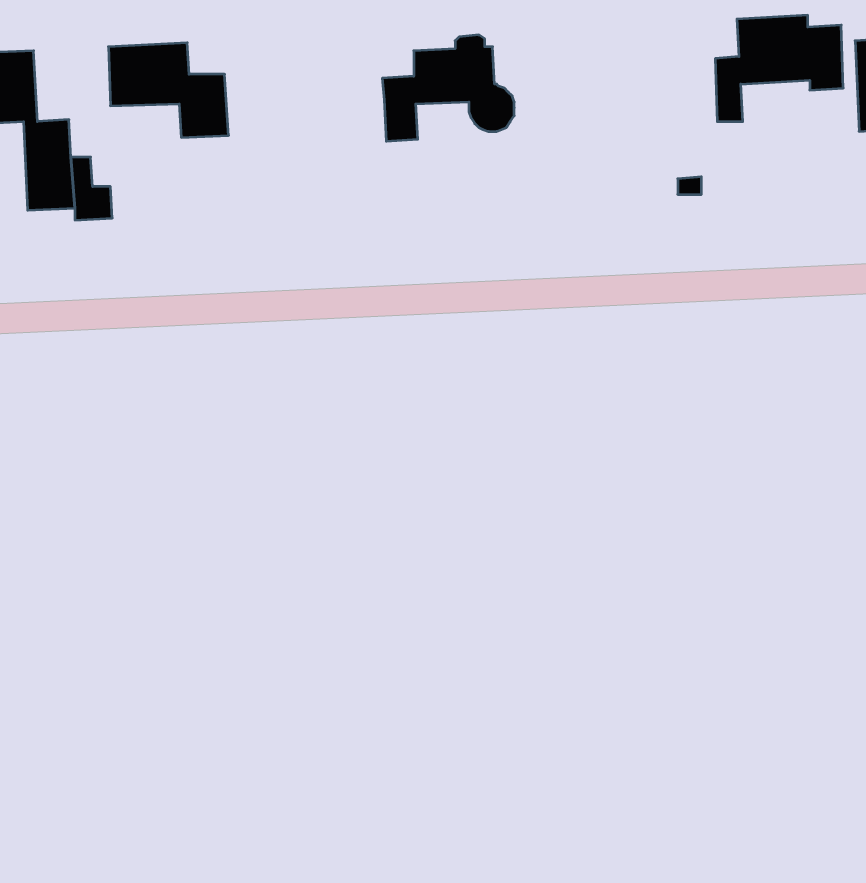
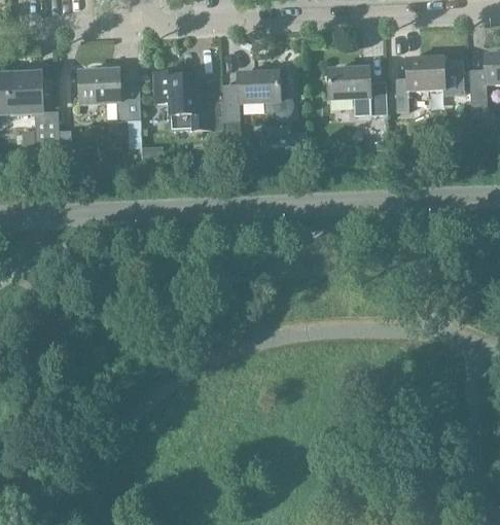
building: none -> [153,69,223,129]
building: none -> [328,69,386,115]

